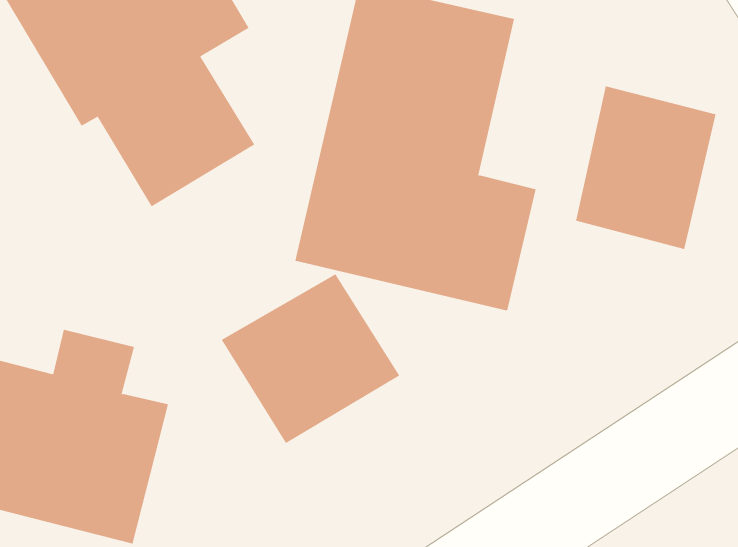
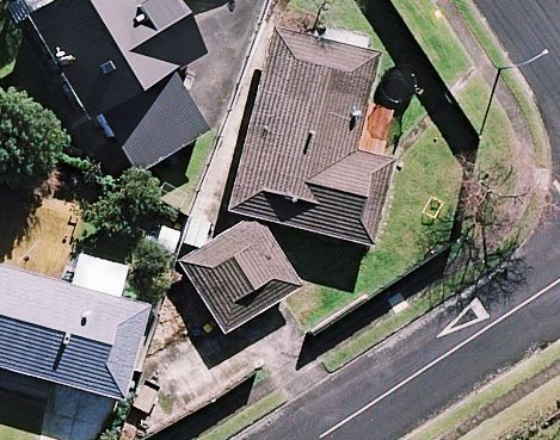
building: [576,86,716,250] -> none

